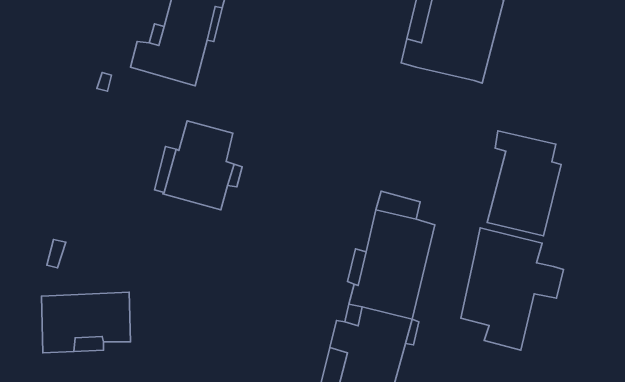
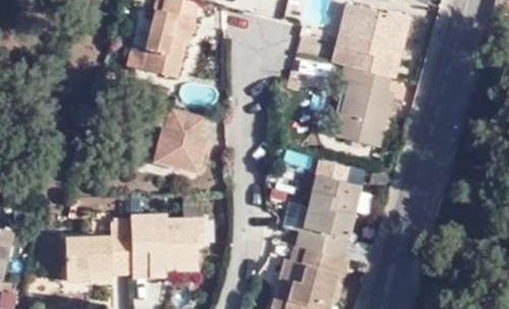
building: [487,131,561,236] -> [335,65,391,144]
building: [461,228,563,350] -> none
building: none -> [127,213,201,277]

